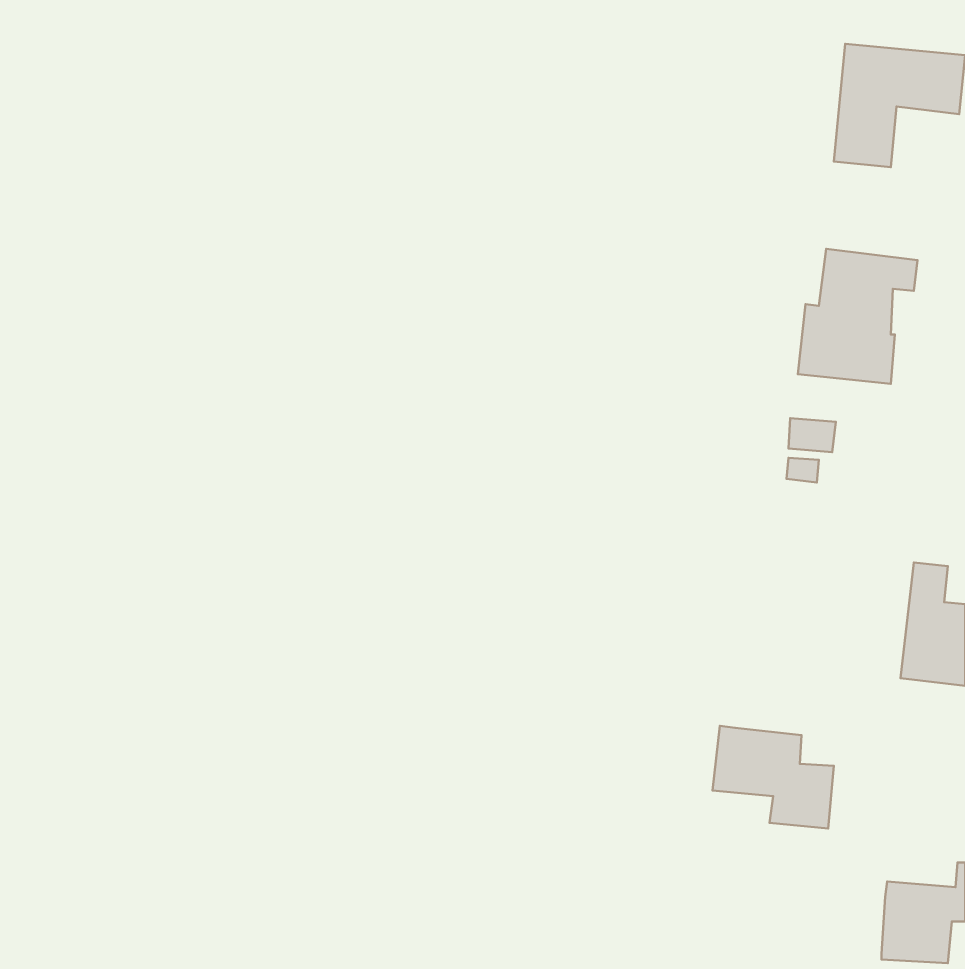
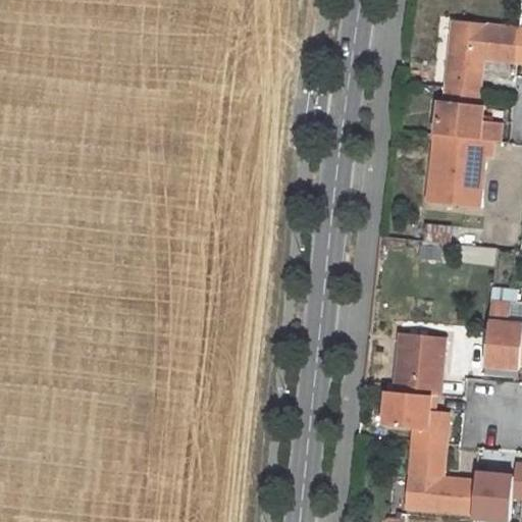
building: none -> [435,87,501,140]
building: none -> [395,332,443,395]
building: none -> [407,441,475,512]

